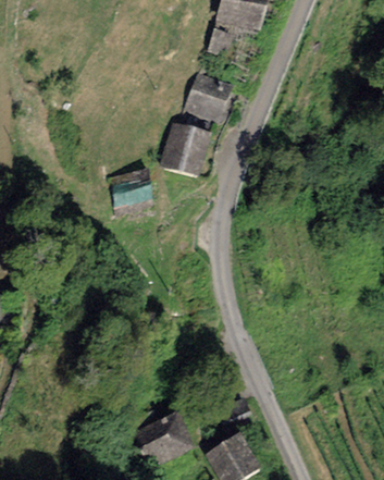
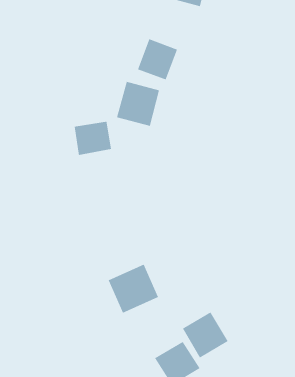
building: none -> [182,312,229,358]
building: [134,410,195,470] -> [108,264,159,314]

